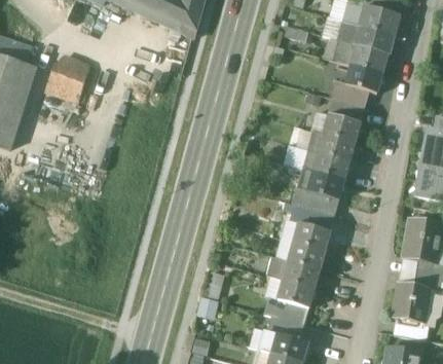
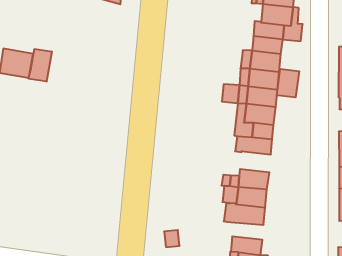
building: none -> [29,49,52,82]
building: none -> [277,69,299,97]
building: [293,222,330,251] -> none
building: [264,297,308,324] -> none

